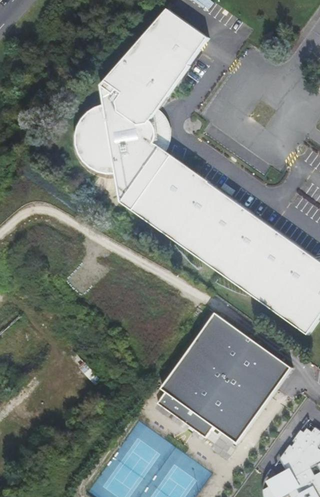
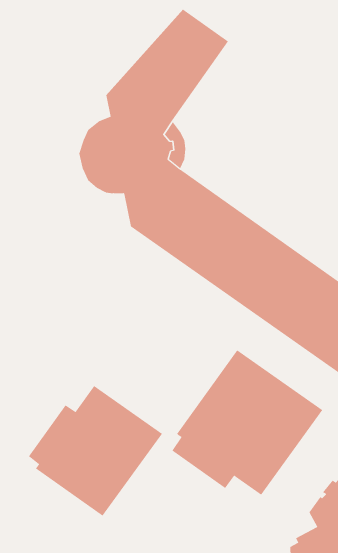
building: none -> [28,385,163,517]

